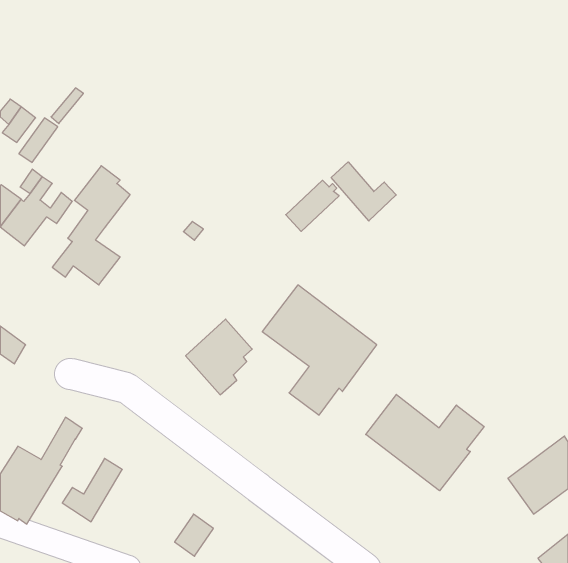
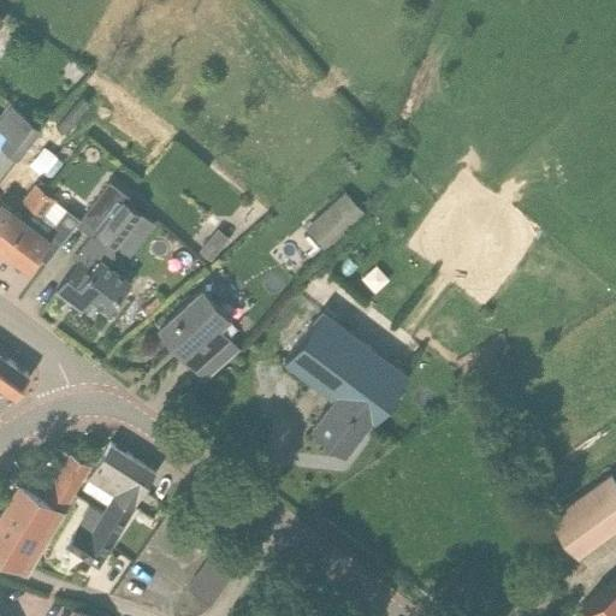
building: [331,162,396,221] -> none
building: [186,319,252,395] -> [159,292,231,374]
building: [366,394,484,491] -> none
building: none -> [87,446,155,514]

